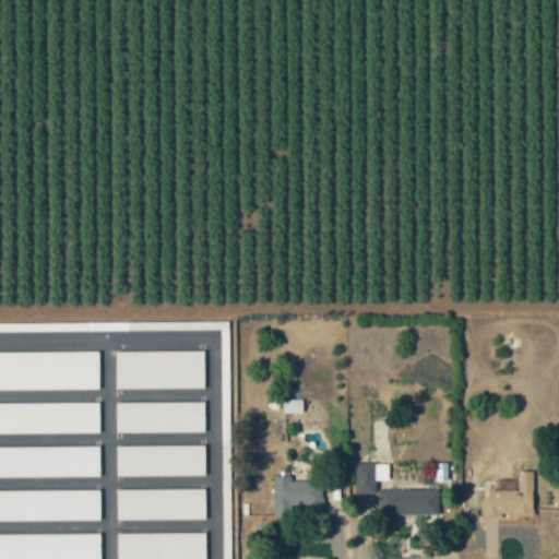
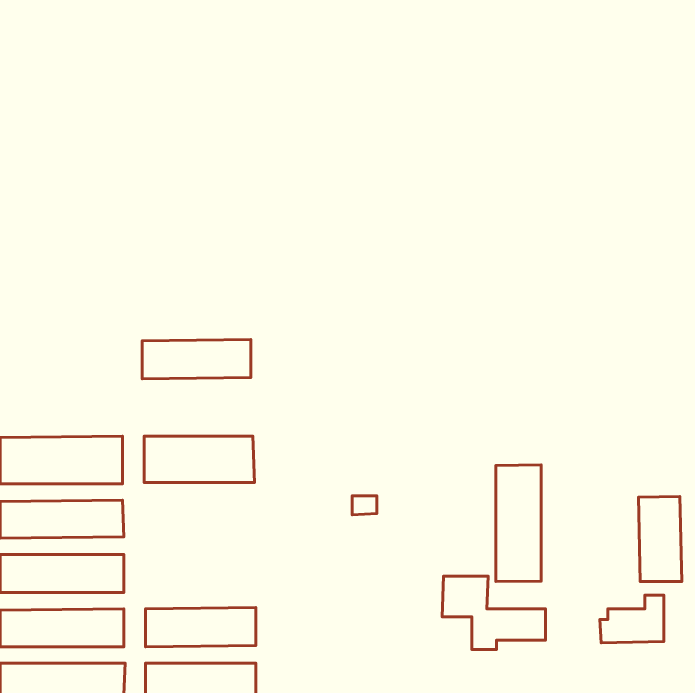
building: none -> [496,465,541,582]
building: none -> [638,496,682,582]
building: [117,402,204,433] -> [142,340,251,379]
building: [117,445,205,477] -> none
building: [273,477,322,515] -> none

